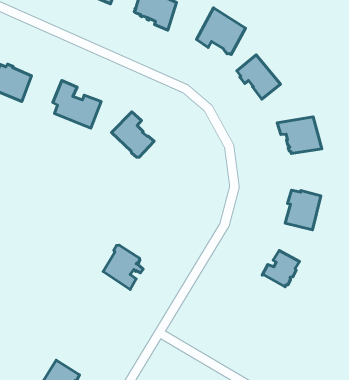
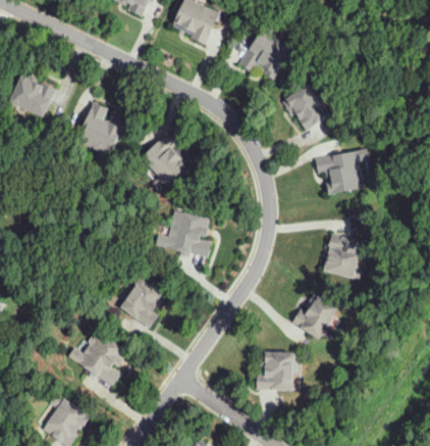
building: none -> [164,208,208,253]
building: none -> [72,336,123,387]
building: none -> [256,354,290,391]

